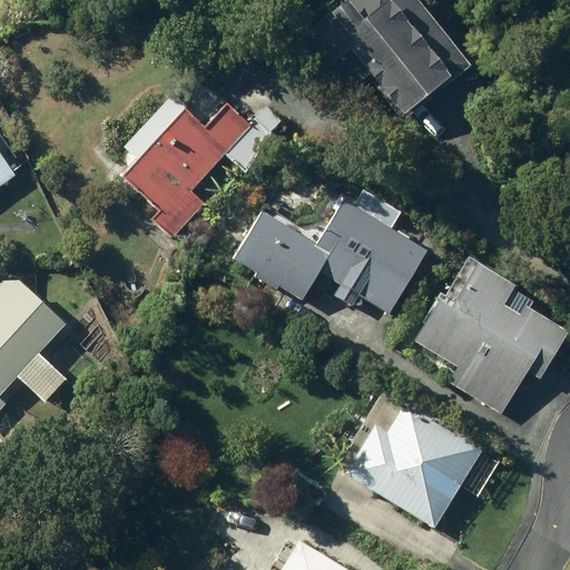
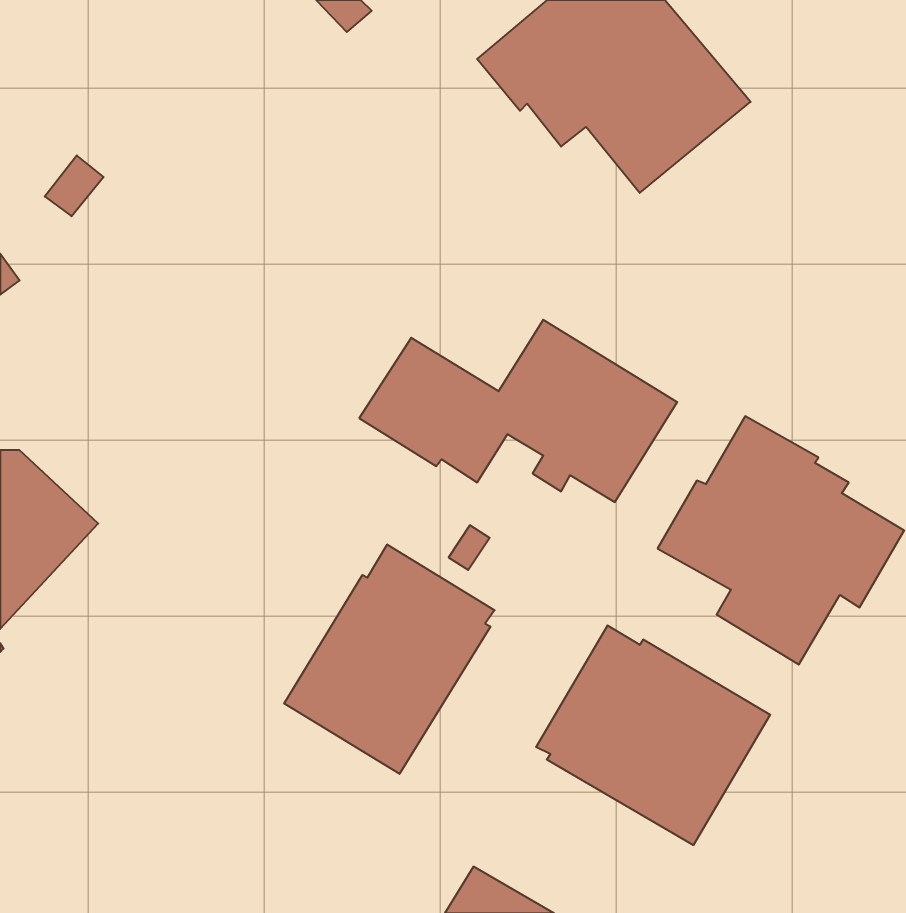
building: [121,95,276,237] -> none
building: none -> [284,544,495,774]

